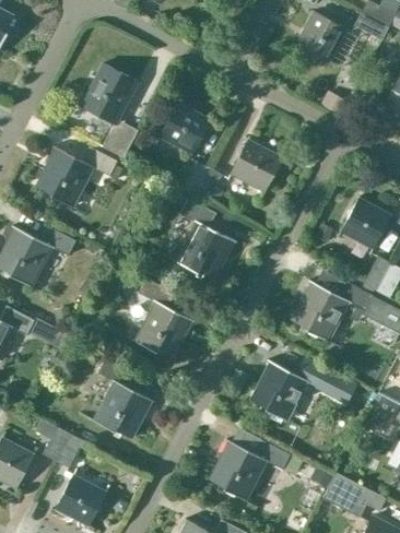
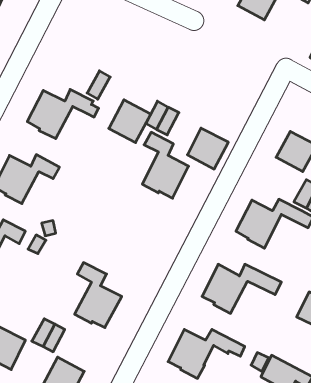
building: [81,63,139,125] -> none
building: [158,102,210,154] -> [109,100,151,143]
building: [232,140,282,190] -> [187,128,228,169]
building: [136,279,192,358] -> none

